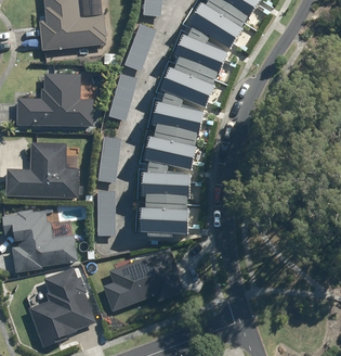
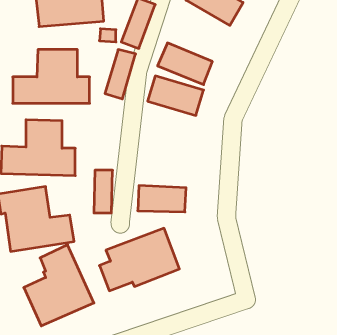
building: [172,34,227,75] -> none
building: [96,134,122,183] -> none
building: [142,136,195,170] -> none
building: [141,173,191,200] -> none

